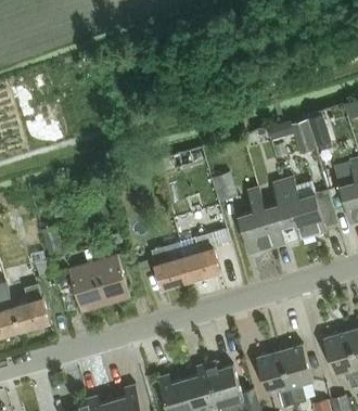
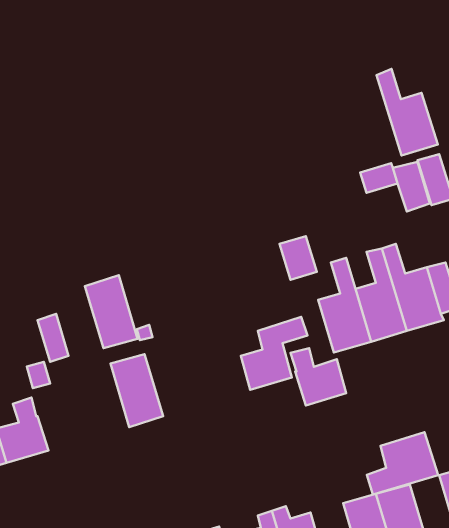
building: none -> [377,69,438,156]
building: [151,247,190,287] -> [290,348,346,406]
building: [68,260,105,311] -> [85,275,138,348]
building: none -> [367,432,438,495]

